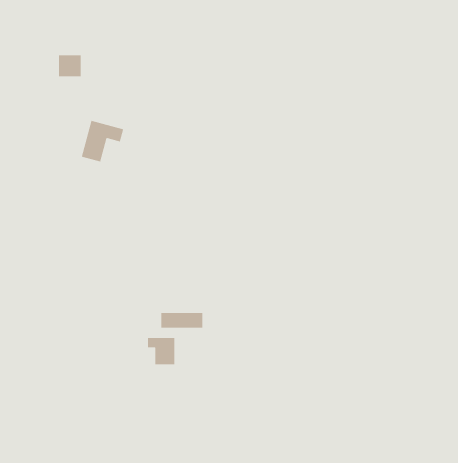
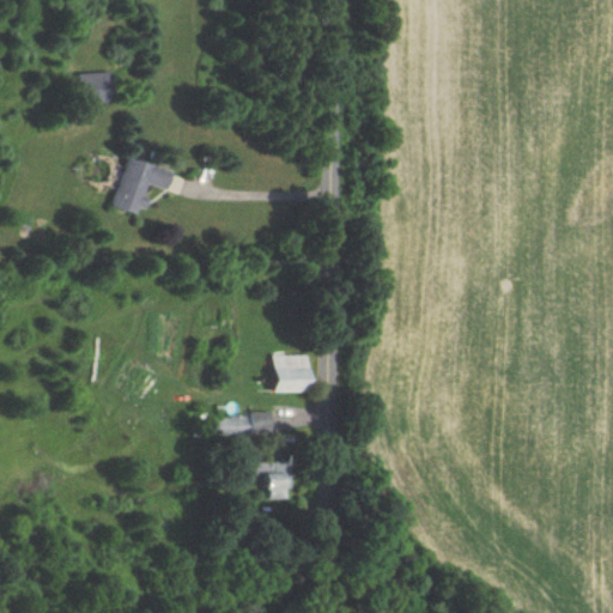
building: none -> [275,354,311,390]
building: [147,337,175,365] -> [257,461,295,498]

